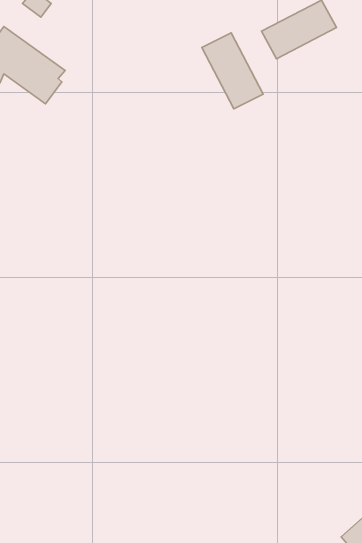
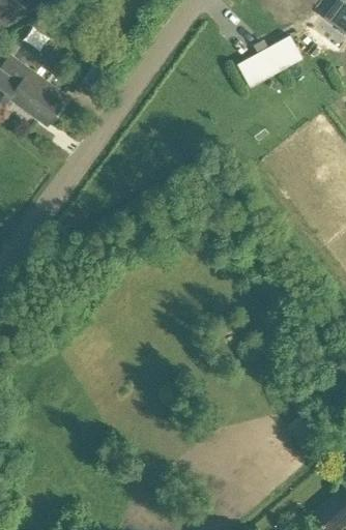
building: [202,33,263,109] -> none

